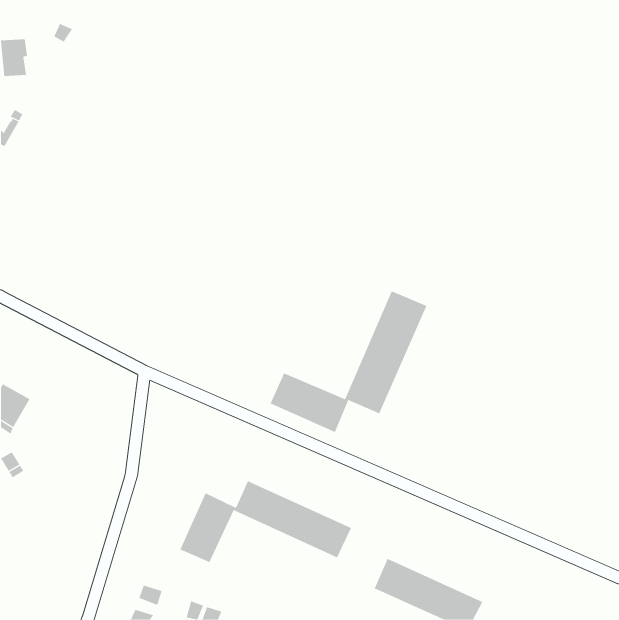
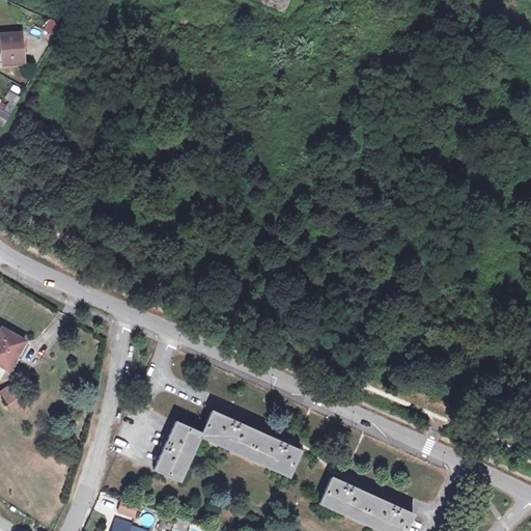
building: [270,290,427,433] -> none

